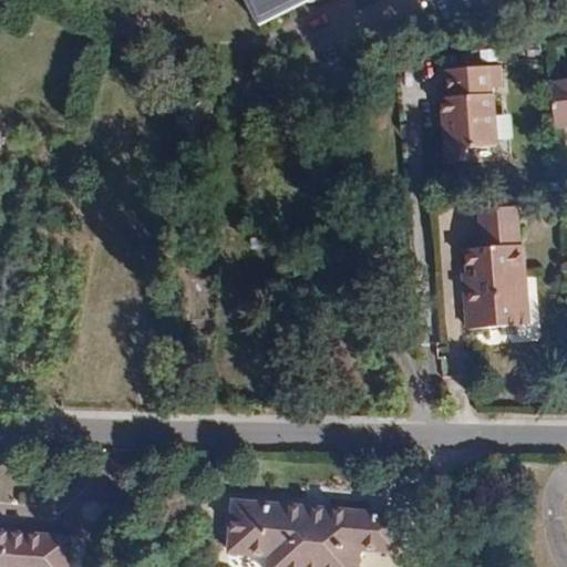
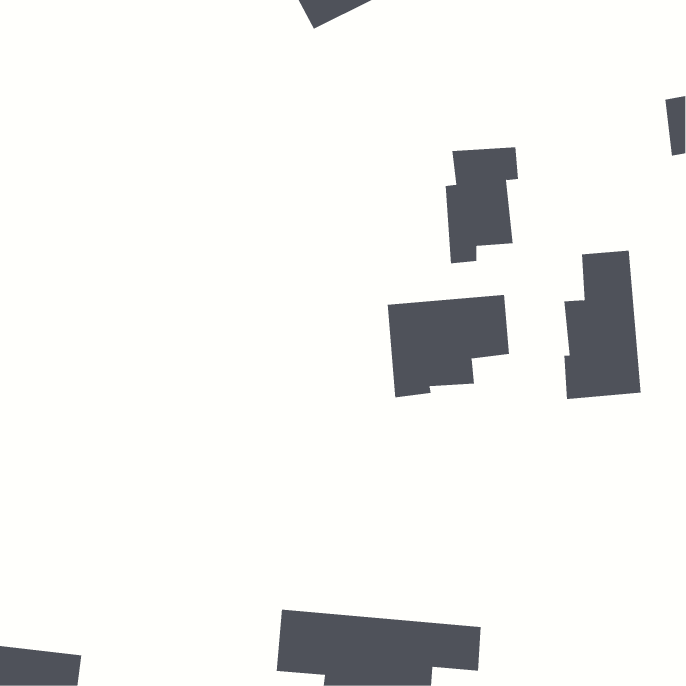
building: [440,65,501,162] -> [445,147,519,264]
building: none -> [387,294,510,398]

